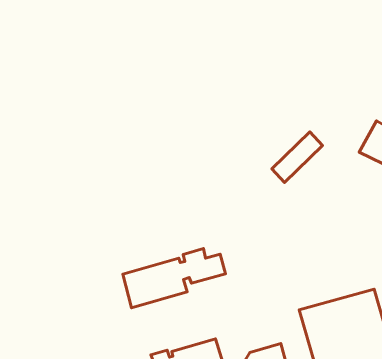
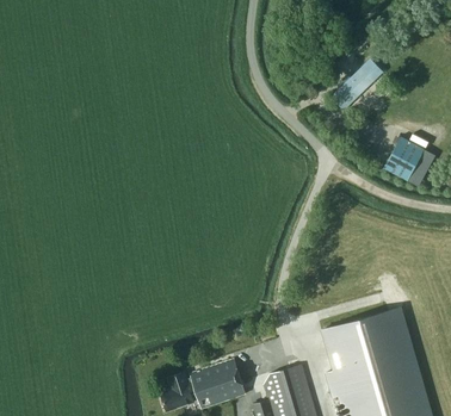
building: [272,132,322,183] -> [332,57,384,110]
building: [123,249,226,308] -> none

